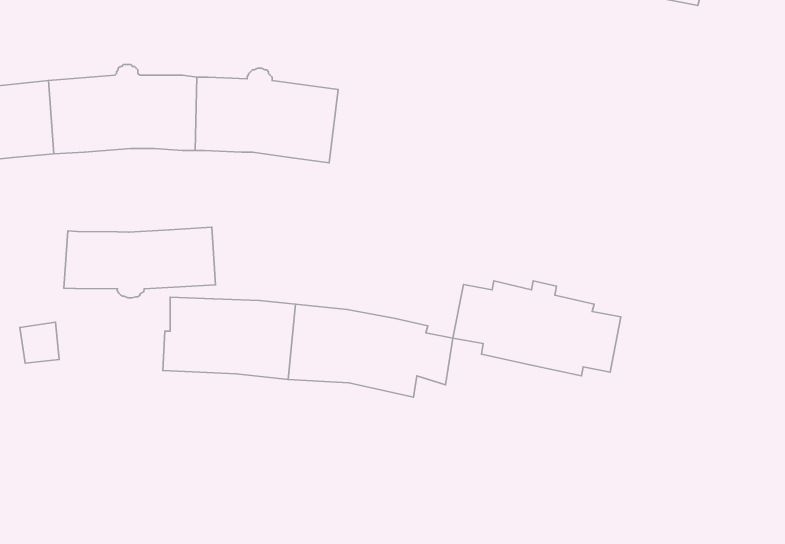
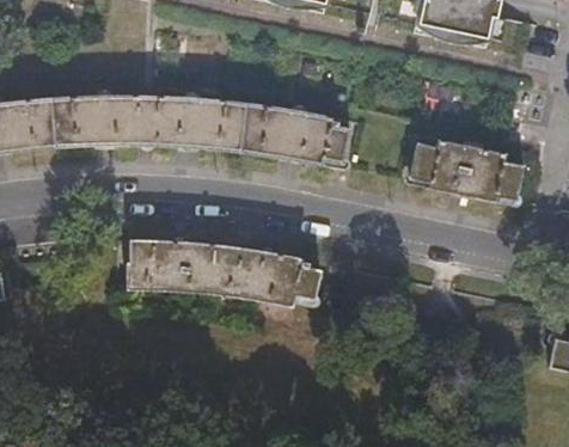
building: none -> [239,103,351,165]
building: [64,227,216,298] -> none
building: [453,281,621,376] -> [412,140,525,203]

